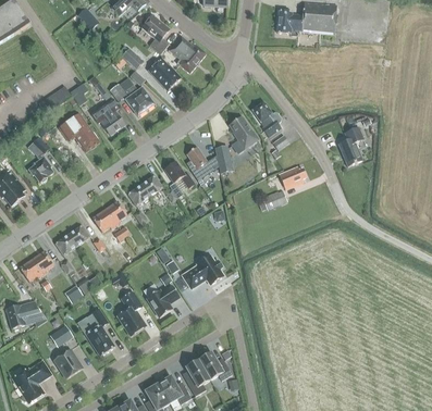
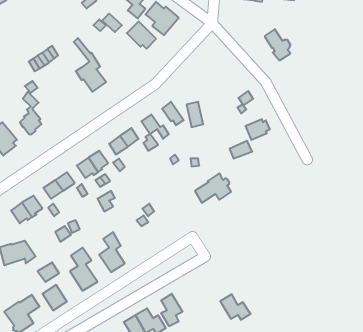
building: [108,71,152,114] -> none
building: [251,100,280,135] -> [265,29,290,60]
building: [227,115,257,152] -> none
building: [58,117,99,151] -> none
building: [337,126,362,165] -> none
building: [182,254,222,287] -> [195,173,231,203]
building: [146,284,178,316] -> none
building: [197,351,231,379] -> [220,294,251,320]

